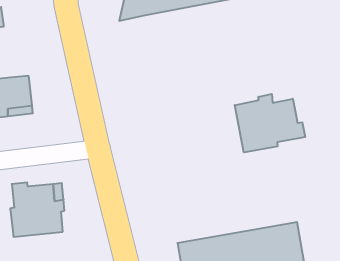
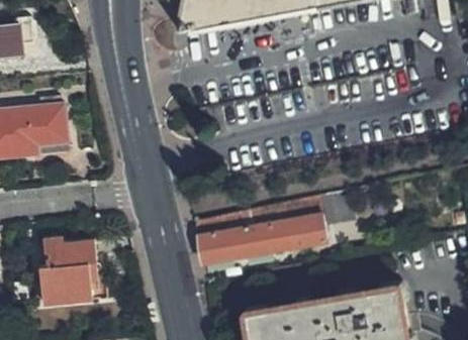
building: [235,94,305,152] -> none
building: none -> [192,197,325,265]

